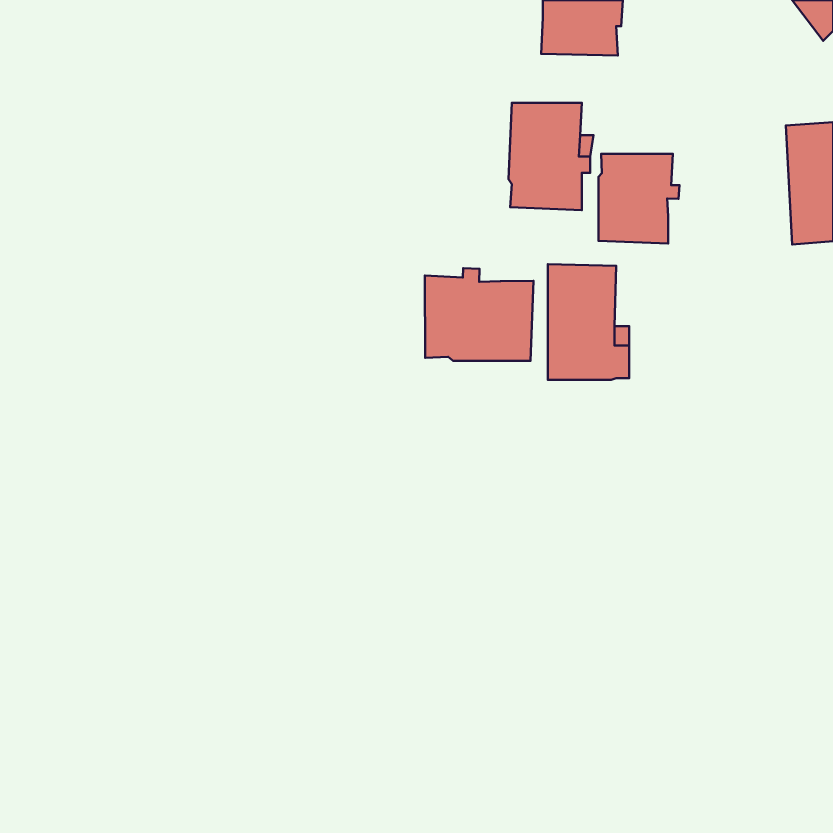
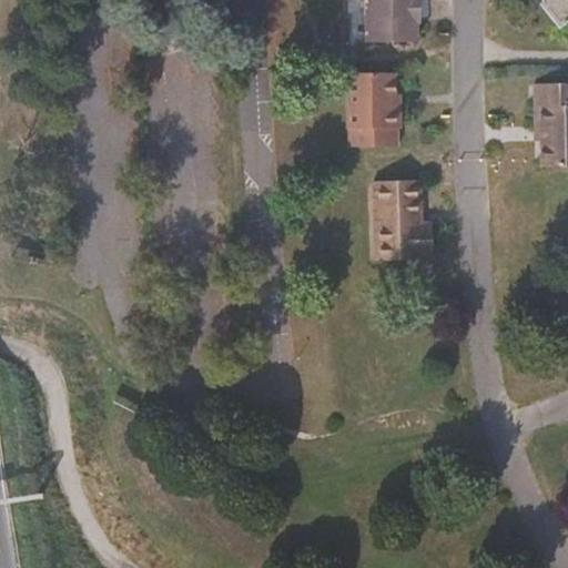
building: [598,154,679,243] -> none
building: [425,268,533,361] -> none

